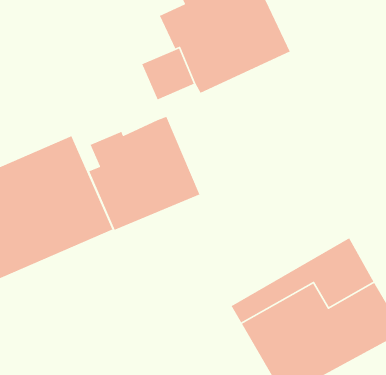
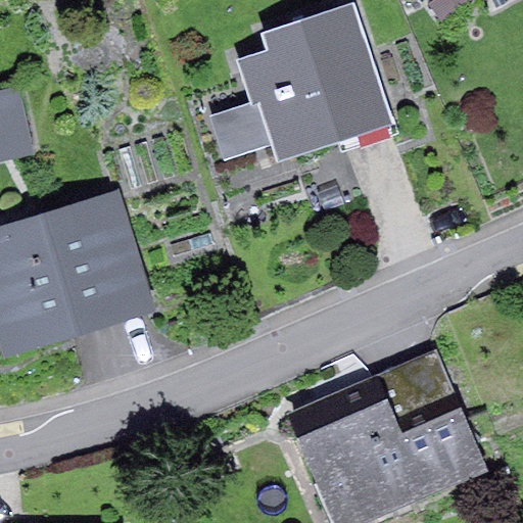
building: [88,116,200,231] -> none

